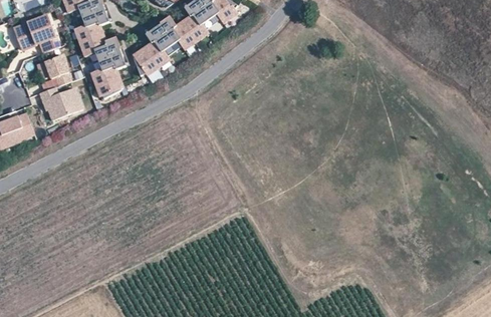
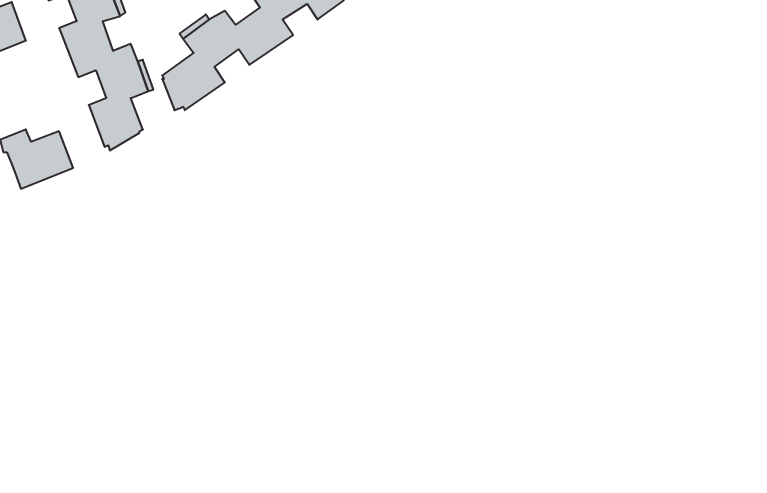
building: [44,54,71,85] -> none

